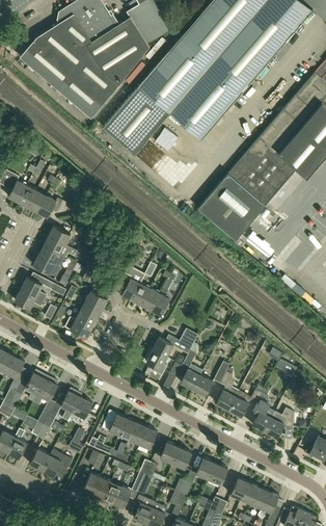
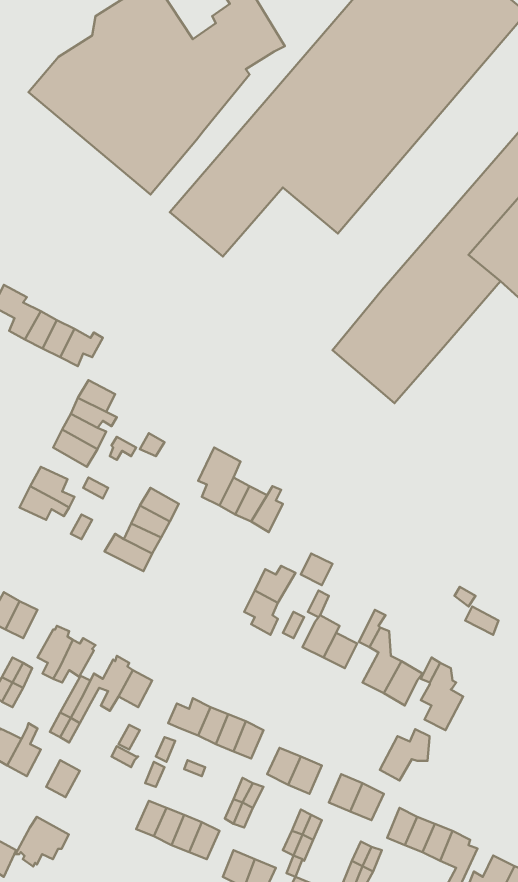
building: [265,407,294,438] -> [380,729,429,780]
building: [42,449,73,478] -> [16,817,69,866]

